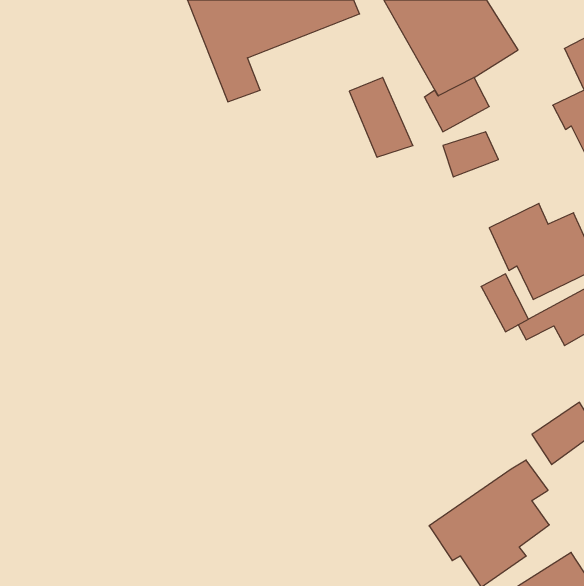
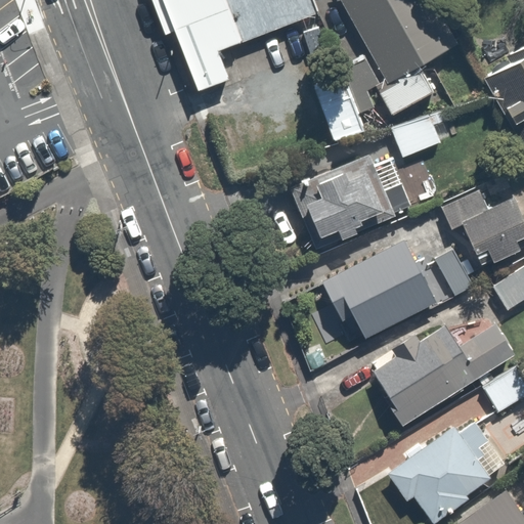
building: none -> [291,154,419,251]
building: none -> [315,239,431,337]
building: none -> [369,321,515,426]

